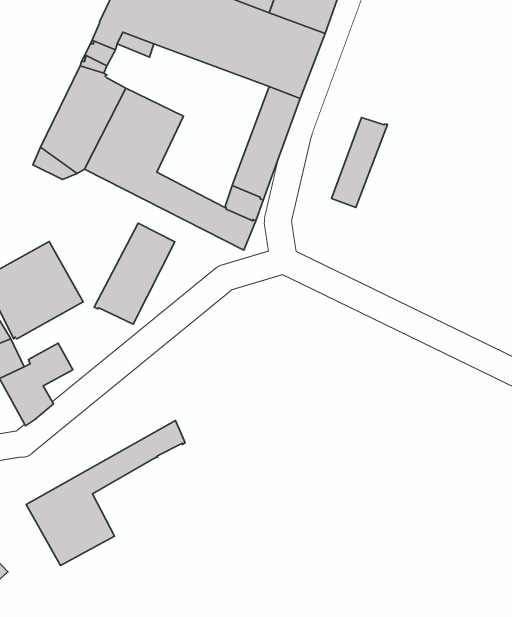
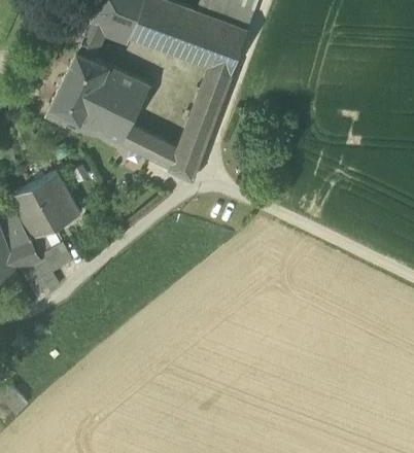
building: [331,117,388,207] -> none
building: [94,223,175,324] -> none
building: [26,420,185,566] -> none

